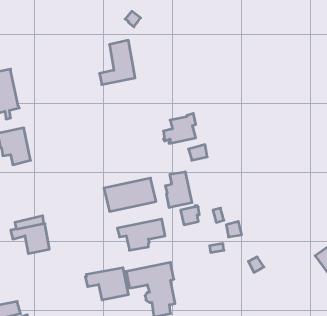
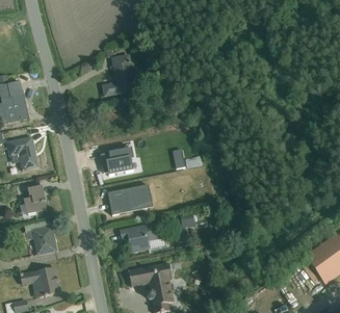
building: [163,113,196,143] -> [102,147,132,175]
building: [165,172,192,208] -> none
building: none -> [19,185,46,218]
building: [85,268,129,300] -> [19,267,59,297]

